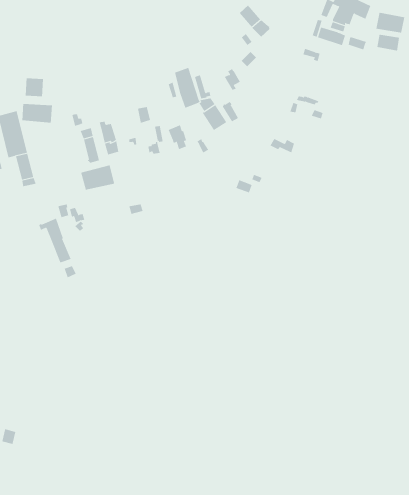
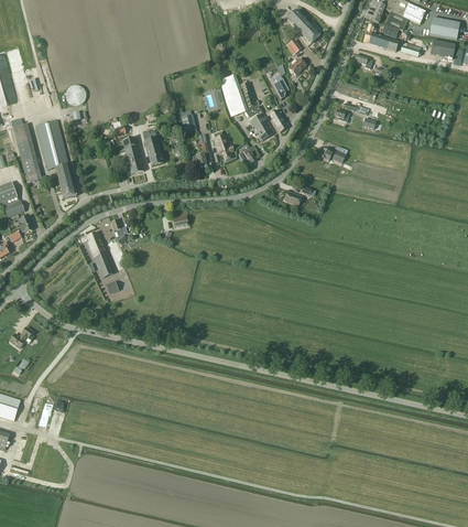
building: [22,103,53,124] -> none
building: [81,164,115,190] -> none

